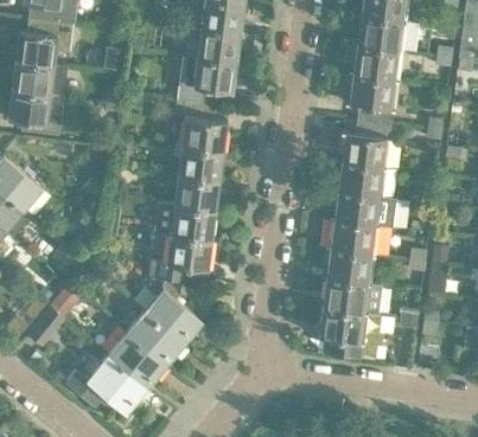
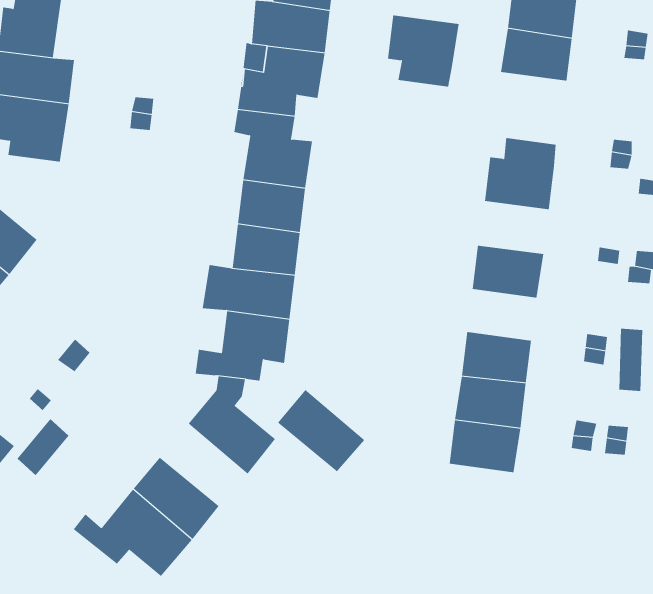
building: [349,76,397,124] -> [387,15,459,87]
building: [337,162,385,198] -> none
building: [330,221,377,256] -> none
building: [123,311,183,367] -> [277,389,365,472]

